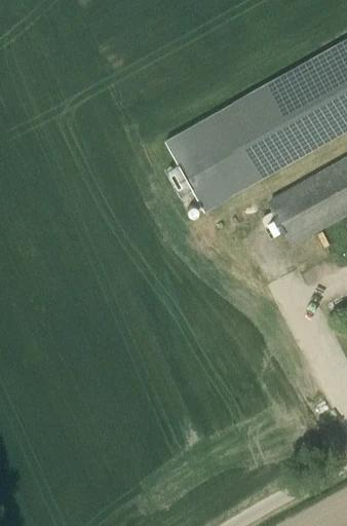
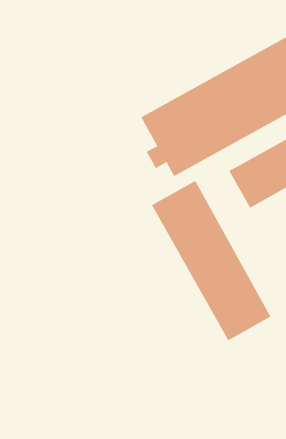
building: none -> [151,180,271,341]

